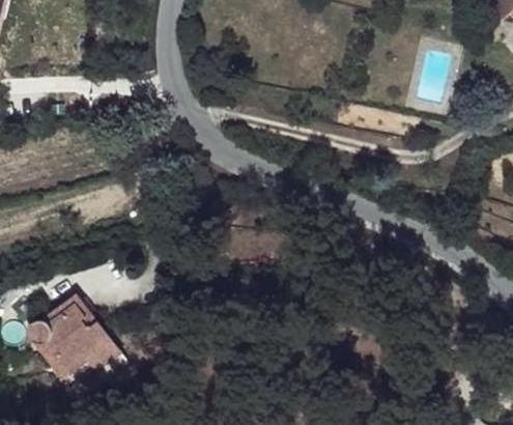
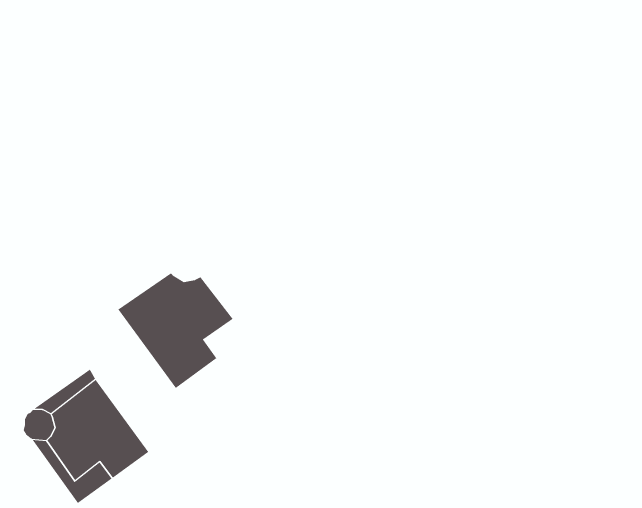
building: none -> [117,273,234,389]

